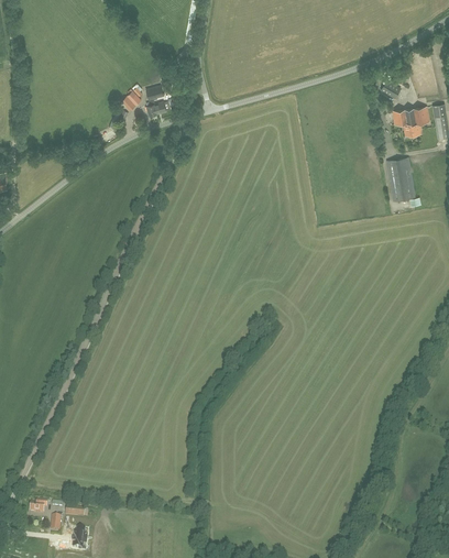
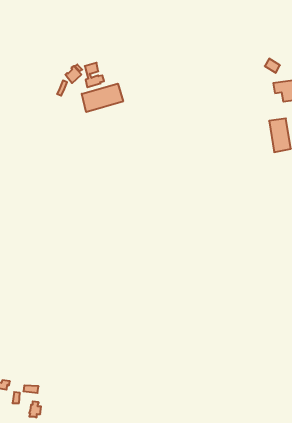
building: none -> [82,84,123,112]

